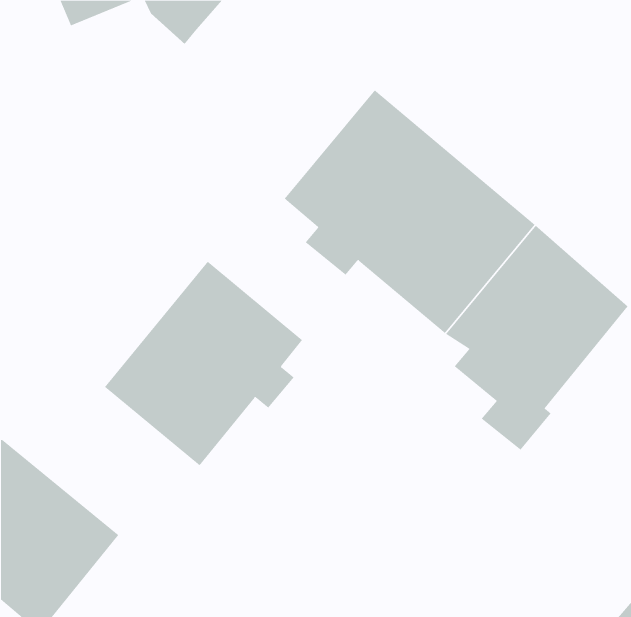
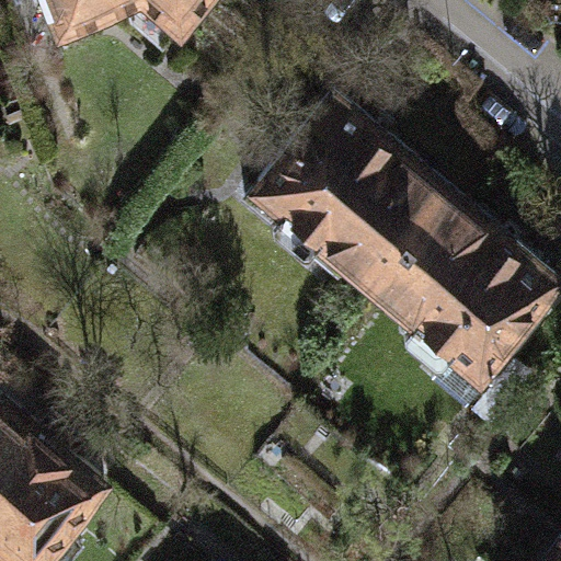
building: [104,261,303,466] -> none

